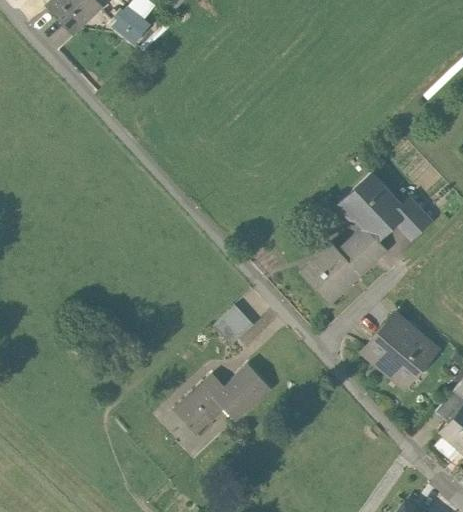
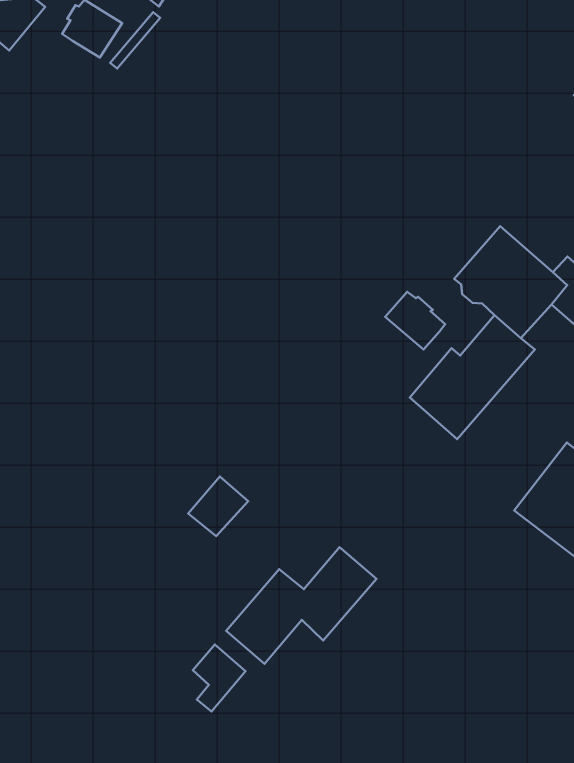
building: none -> [385,292,445,349]
building: [215,304,253,341] -> [188,477,248,536]
building: none -> [193,644,245,711]

